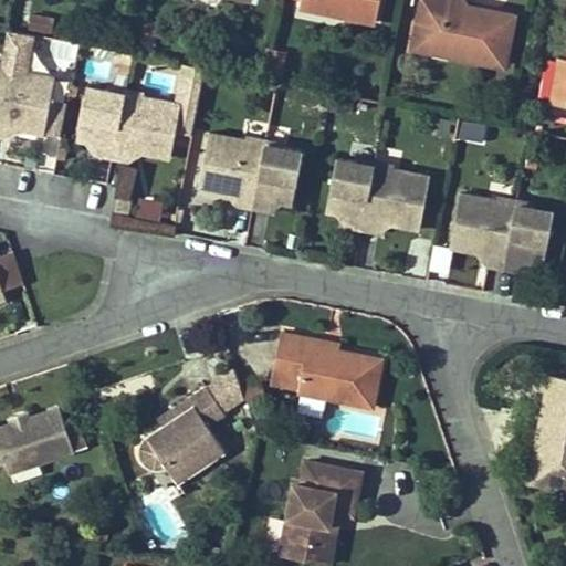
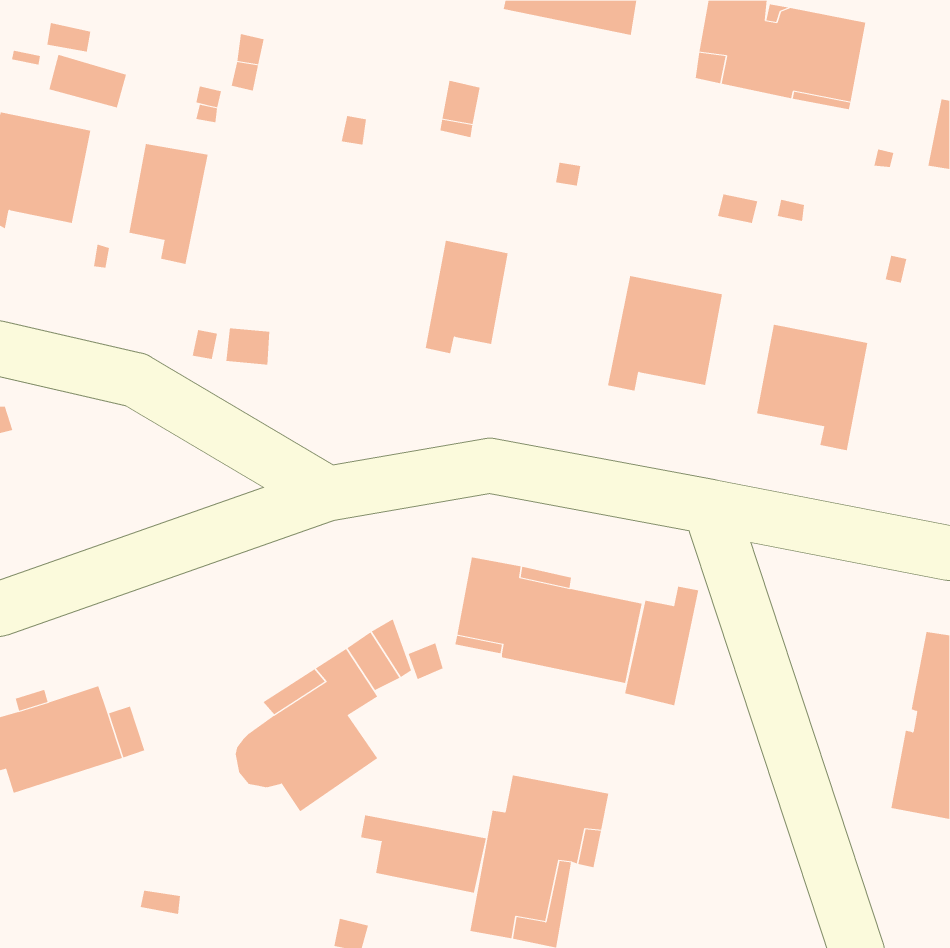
building: [111,65,203,163] -> none
building: [198,134,264,209] -> none
building: [325,159,374,231] -> none
building: [503,206,553,273] -> none
building: none -> [625,586,699,706]
building: none -> [361,814,487,894]

